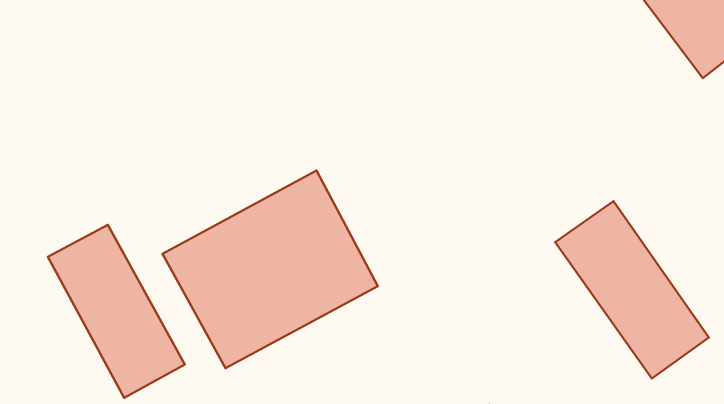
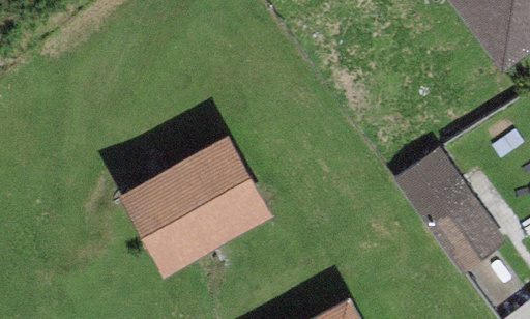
building: [48,225,185,398] -> none

